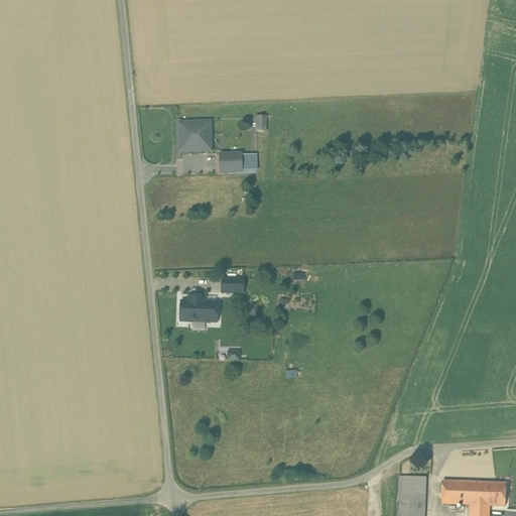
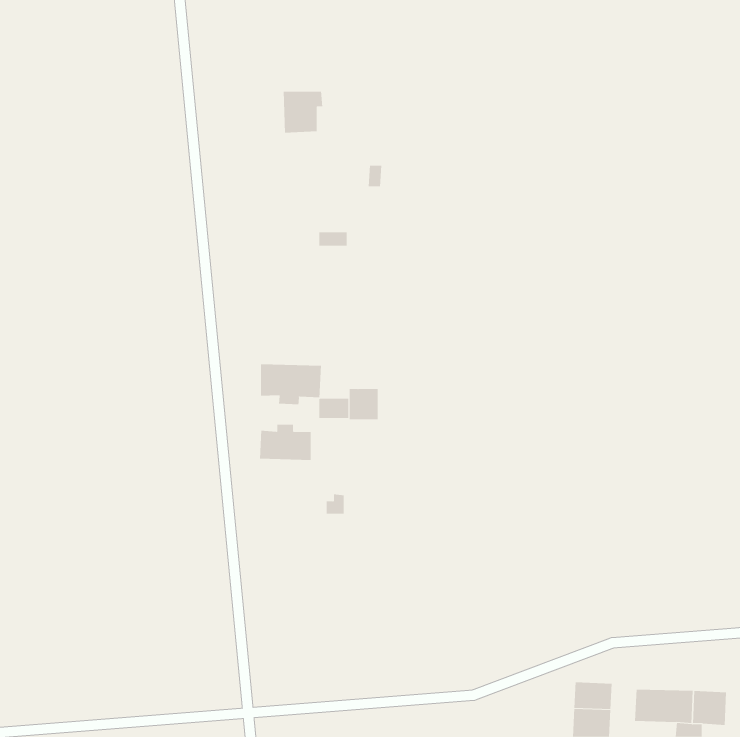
building: [179,121,208,150] -> [283,91,323,133]
building: none -> [260,363,322,405]
building: none -> [349,388,378,420]

